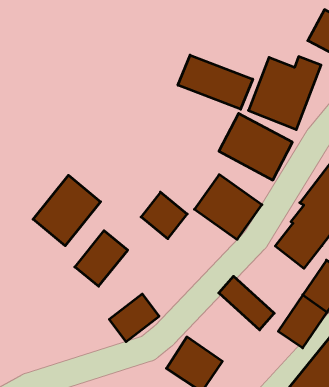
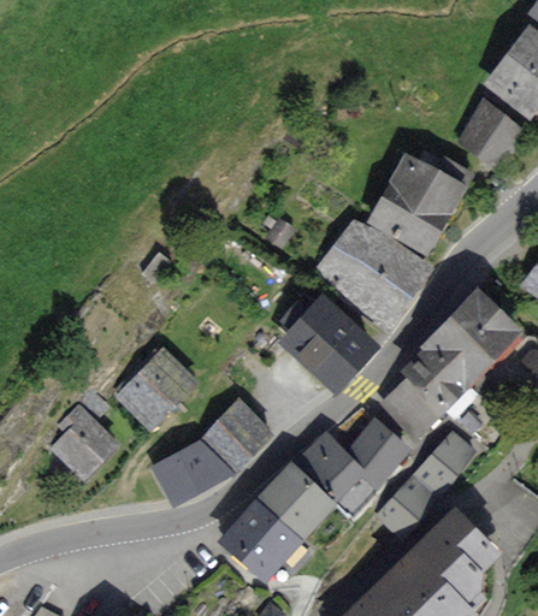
building: [178,55,253,109] -> none
building: [33,175,101,246] -> none
building: [141,192,187,239] -> [207,403,267,464]
building: none -> [353,424,404,485]
building: none -> [53,408,114,478]
building: none -> [259,463,332,537]

